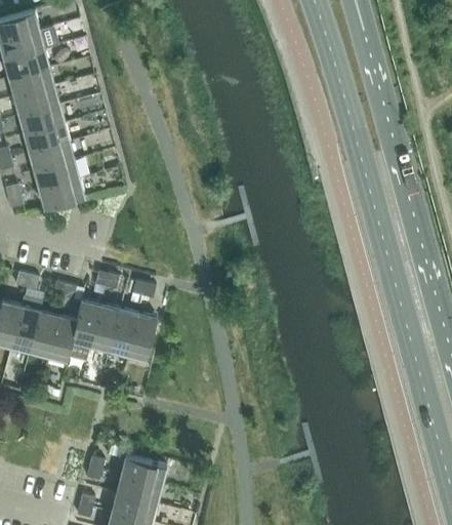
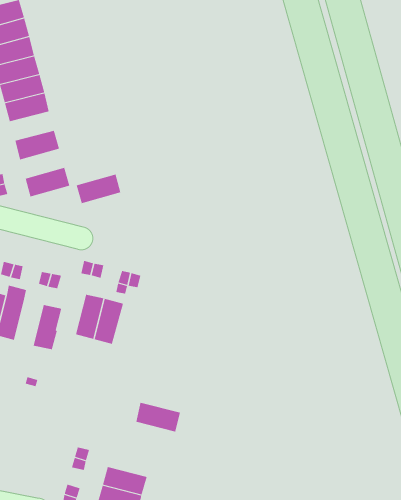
building: [24,123,69,152] -> none
building: [34,160,79,190] -> [76,174,121,204]
building: [71,299,99,345] -> none
building: [29,310,57,356] -> none
building: [126,314,156,360] -> none
building: [121,456,166,486] -> [136,402,181,432]

